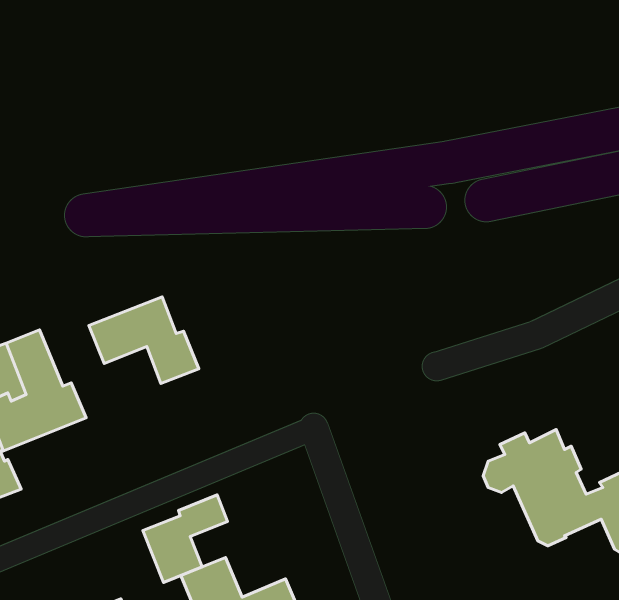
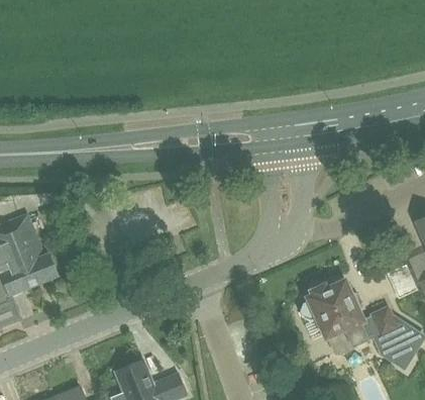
building: [89,297,199,383] -> none
building: [143,495,228,583] -> none

